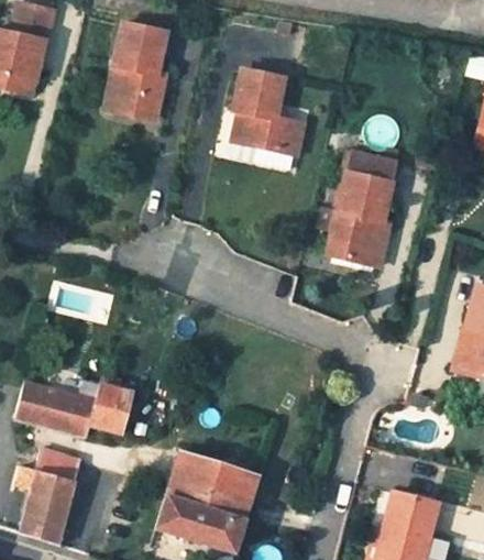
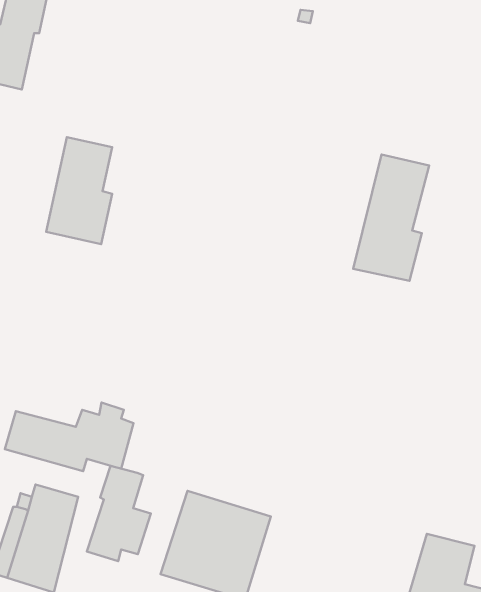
building: [106,23,165,119] -> [46,137,112,244]
building: [234,70,301,168] -> none
building: none -> [87,466,151,561]

